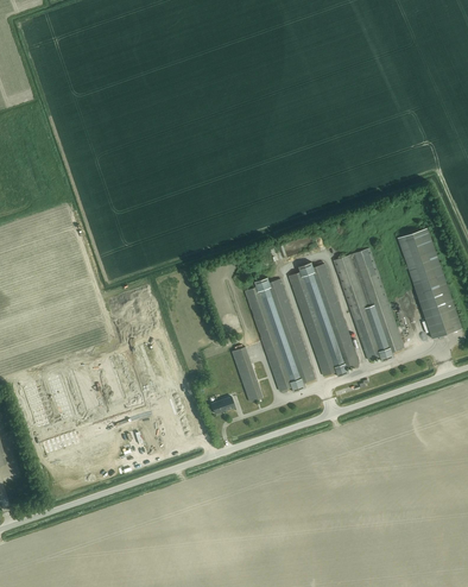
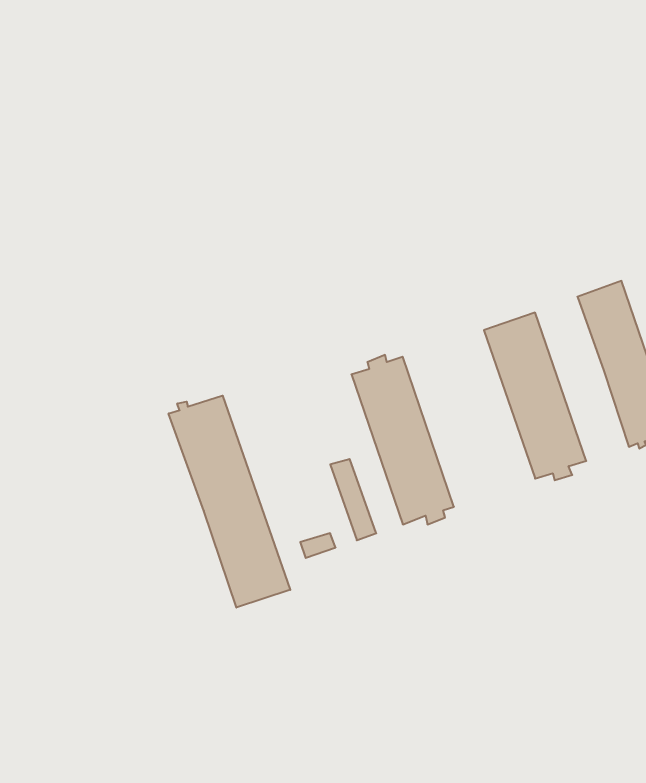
building: [289,261,358,377] -> none
building: none -> [169,396,290,608]

